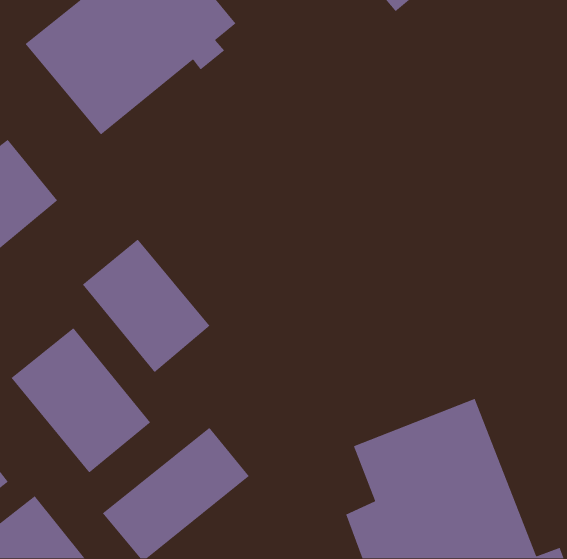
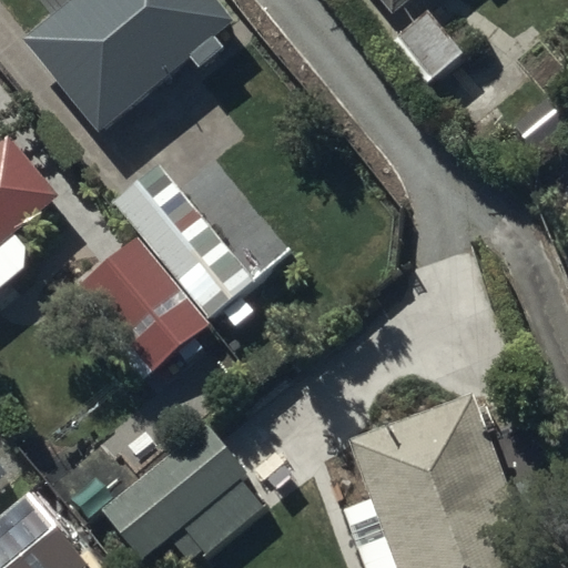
building: none -> [112,164,255,318]
building: [10,327,151,474] -> none

